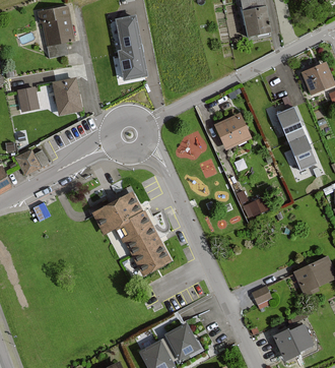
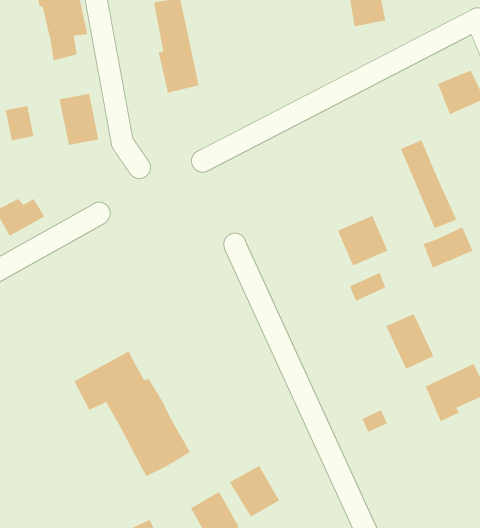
building: [217,115,251,148] -> [337,215,388,266]
building: none -> [423,227,473,269]
building: [95,194,173,278] -> [73,350,191,477]
building: none -> [385,313,434,369]
building: [275,325,314,360] -> none

